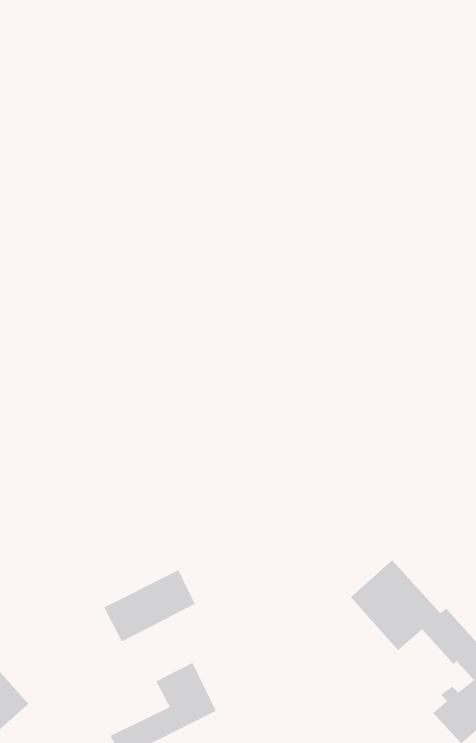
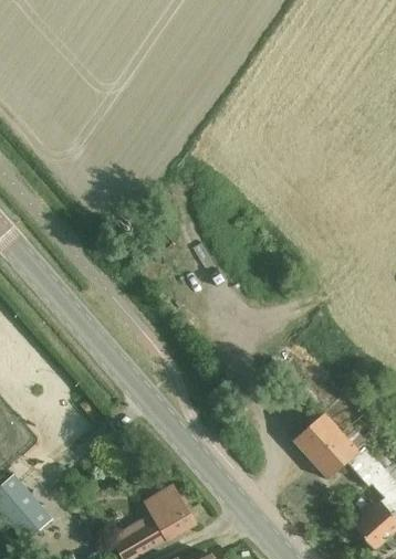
building: [103,569,196,643] -> none

